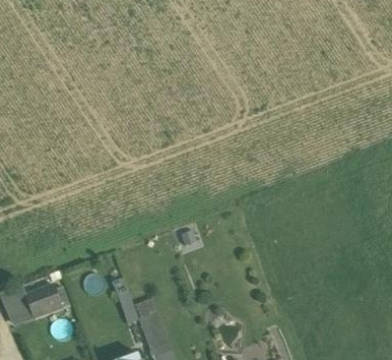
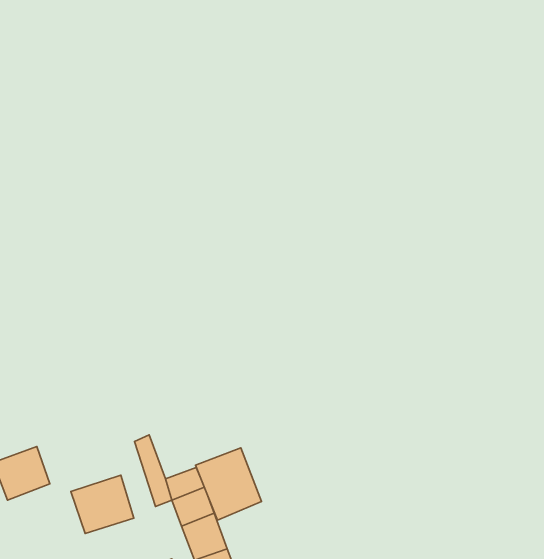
building: none -> [196,448,262,520]
building: none -> [71,475,134,533]

